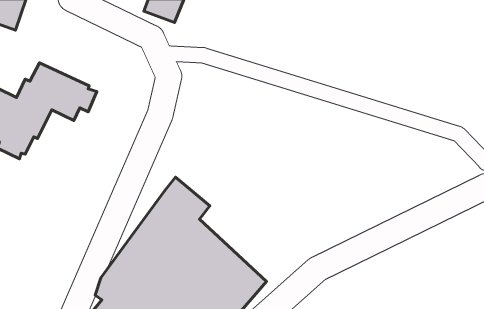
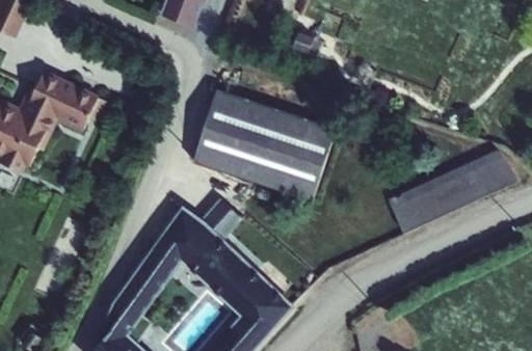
building: none -> [190,90,332,193]
building: none -> [385,151,513,234]

